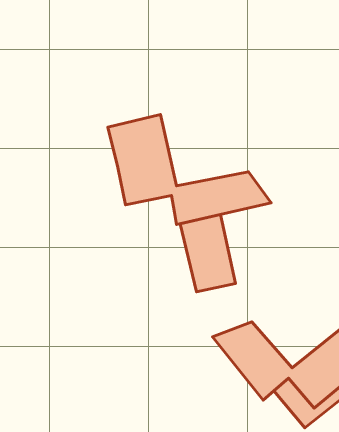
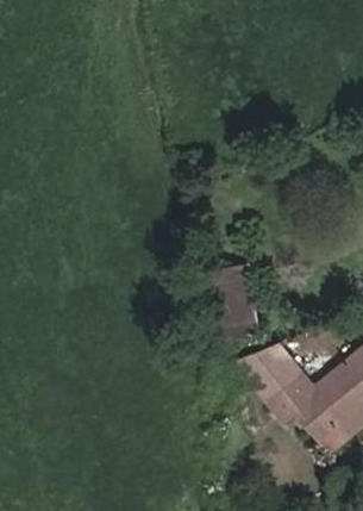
building: [108,115,271,225] -> none

